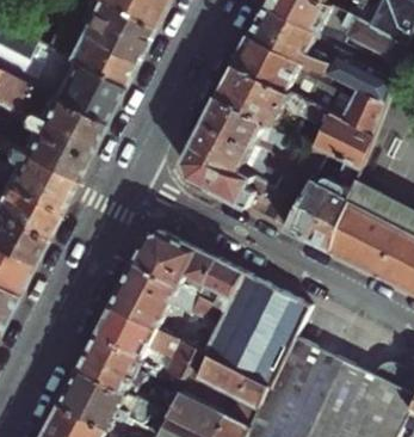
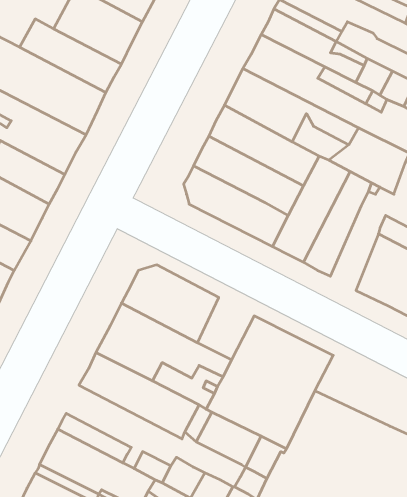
building: [310,180,352,252] -> none
building: [198,258,246,310] -> none
building: [87,332,185,384] -> none

